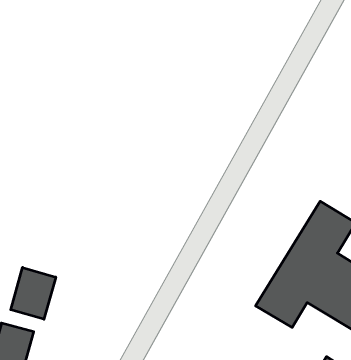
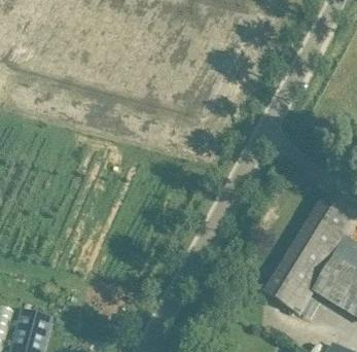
building: [11,267,56,319] -> none

